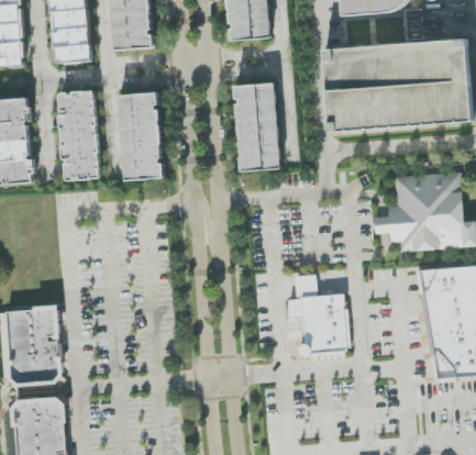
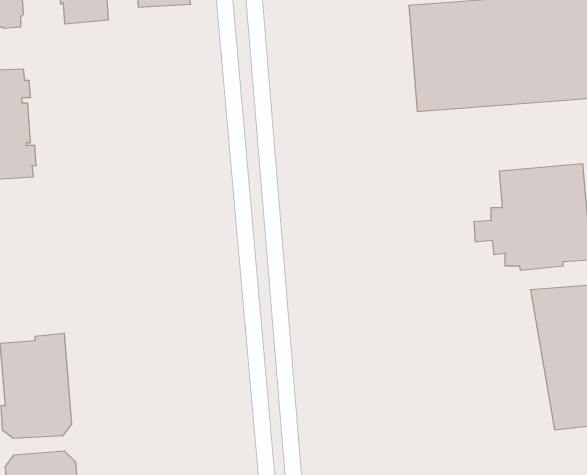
building: [234,82,279,170] -> none
building: [58,90,99,180] -> none
building: [118,91,163,179] -> none
building: [287,274,348,357] -> none

